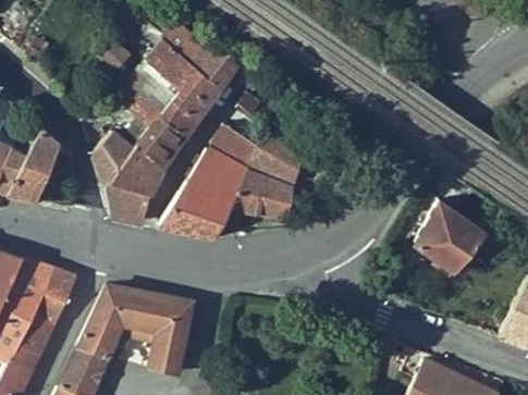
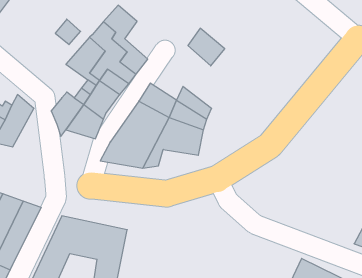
building: [187,39,236,89] -> [188,28,225,66]
building: [102,183,148,222] -> none
building: [404,193,481,268] -> none

